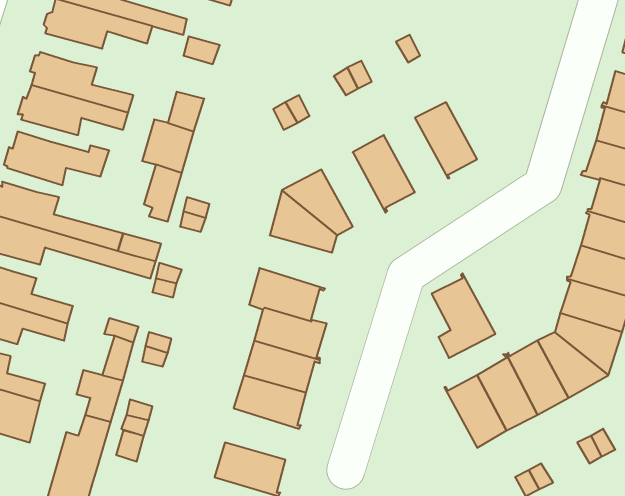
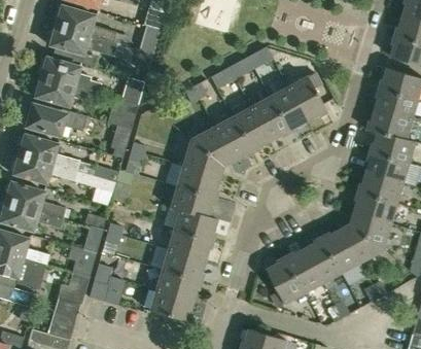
building: none -> [287,72,325,120]
building: none -> [250,96,288,140]
building: none -> [213,116,251,161]
building: none -> [176,166,219,198]
building: [432,273,495,358] -> [268,256,306,307]
building: none -> [155,269,200,300]

